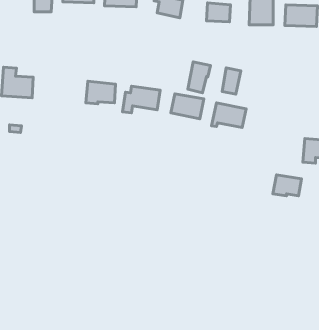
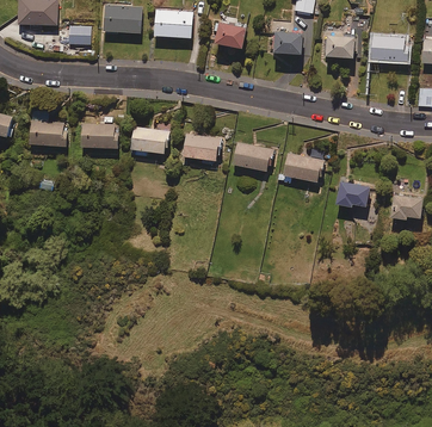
building: [188,62,210,93] -> none
building: [222,68,241,94] -> none
building: none -> [81,123,118,148]
building: [273,175,301,196] -> [337,182,371,208]

